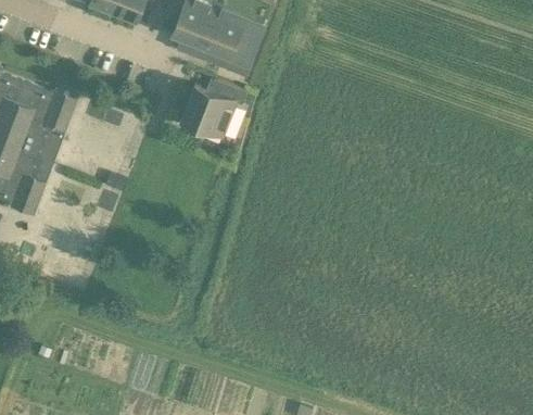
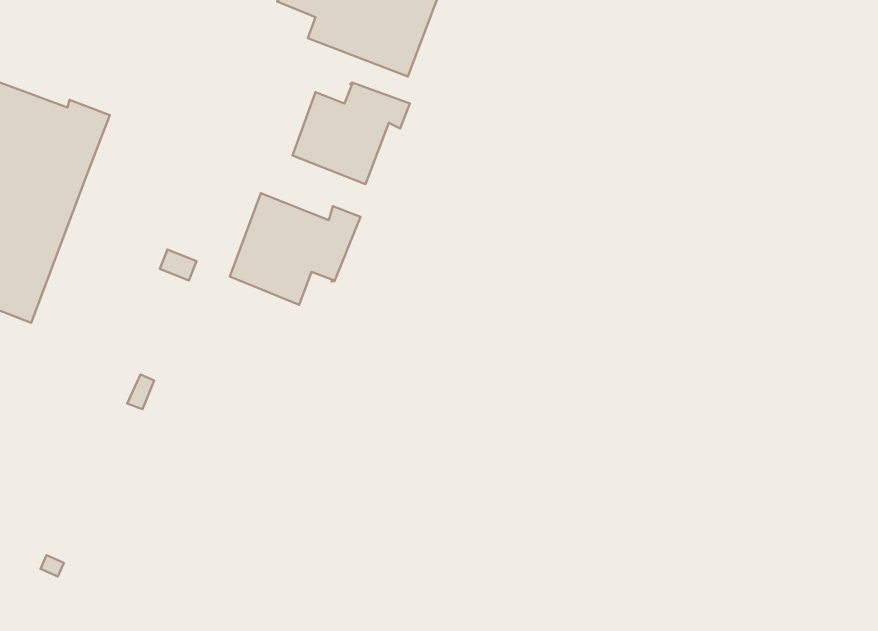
building: none -> [230,193,361,305]

